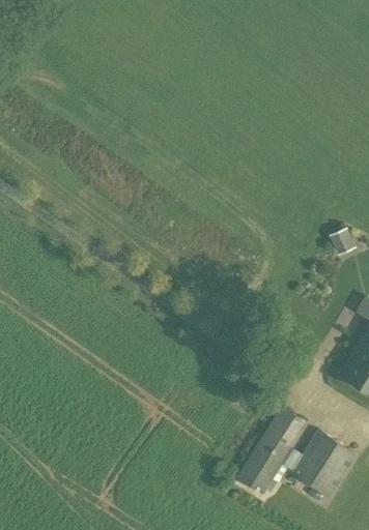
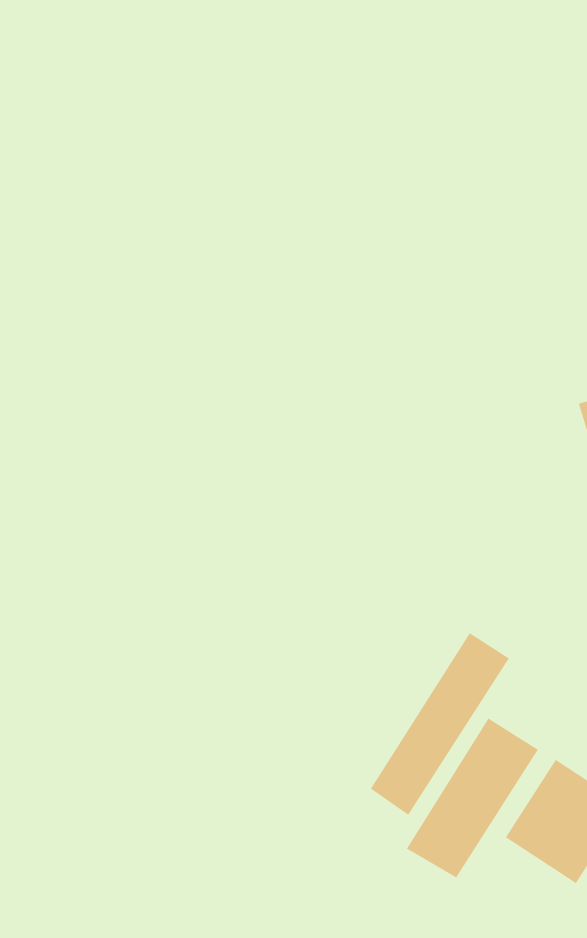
building: none -> [370,632,510,816]

